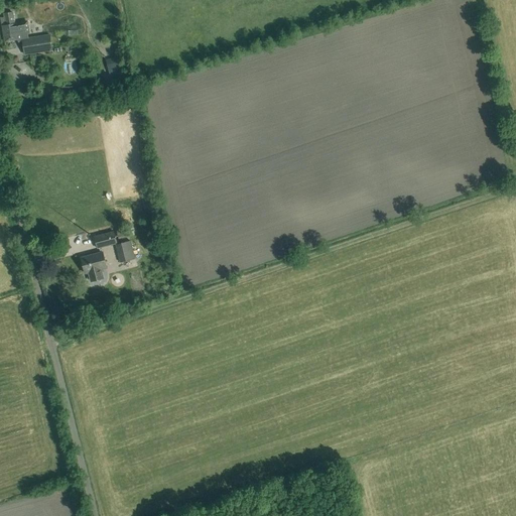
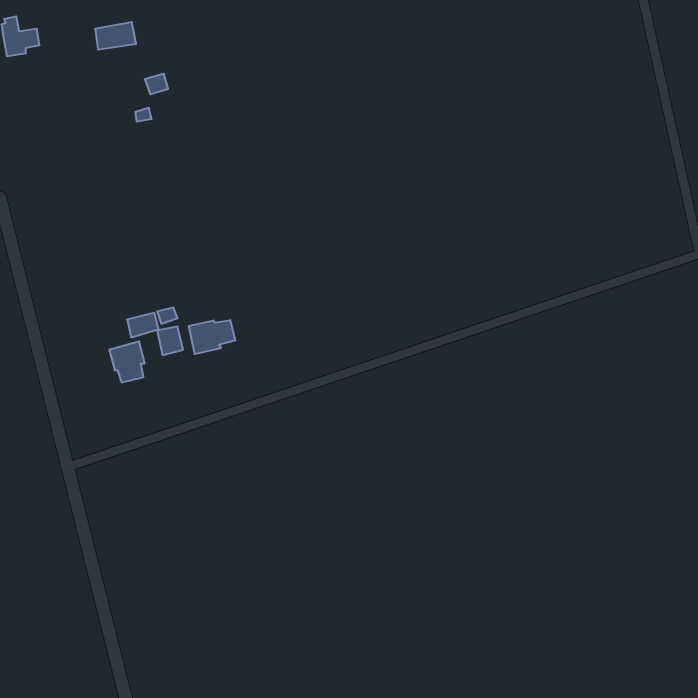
building: [22,34,52,54] -> [95,22,136,49]
building: none -> [189,320,235,354]

